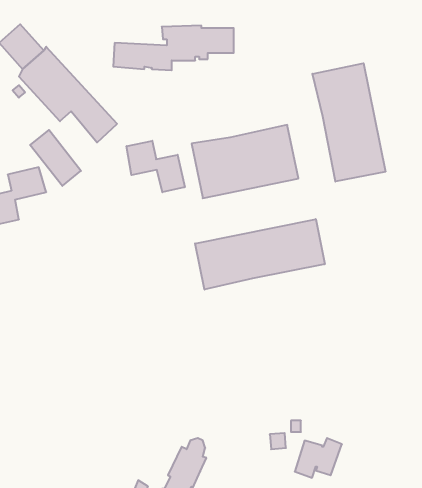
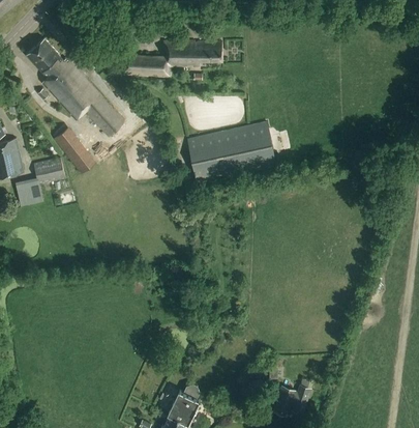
building: [312,63,385,182] -> none
building: [127,141,185,192] -> none
building: [195,219,325,290] -> none

